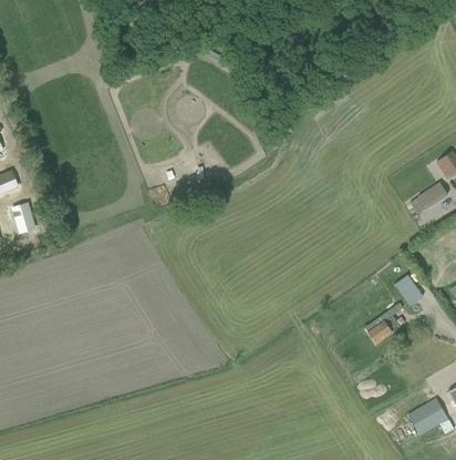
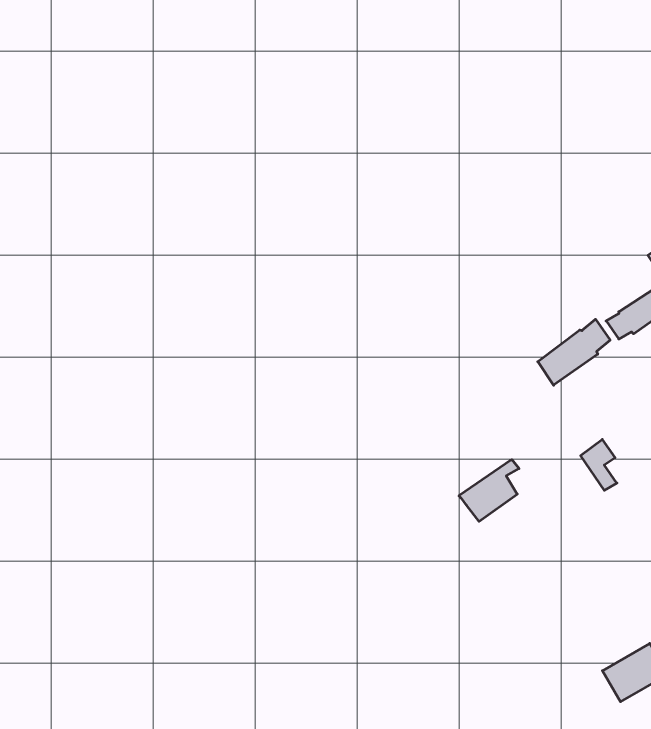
building: none -> [538,319,610,385]
building: [364,305,401,343] -> [459,460,519,521]

